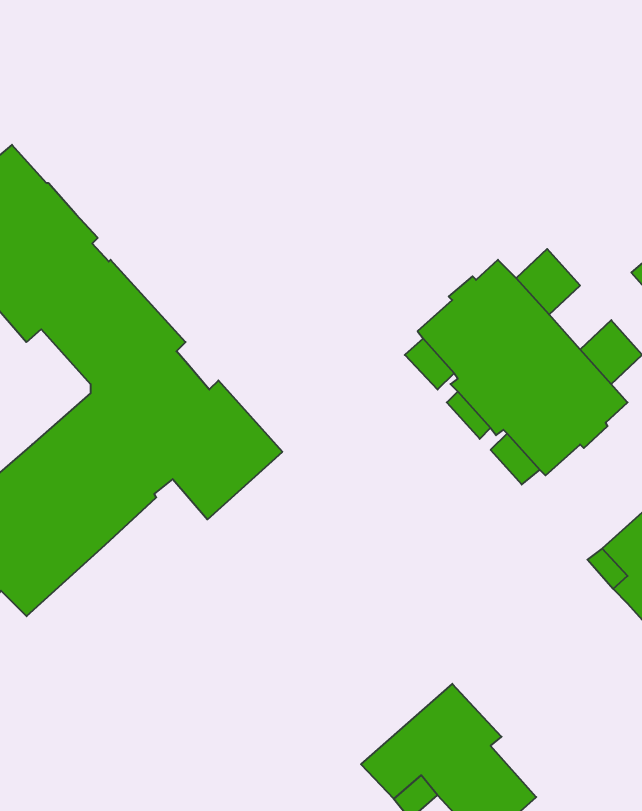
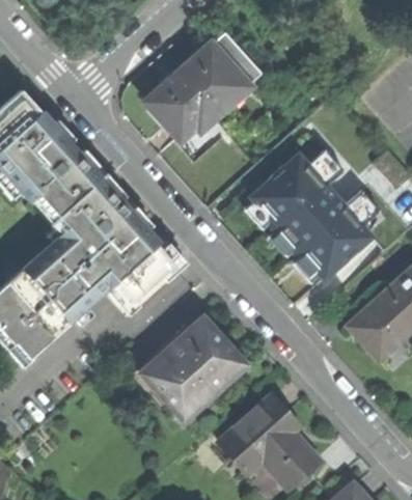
building: none -> [147,32,260,138]
building: none -> [142,318,243,417]

